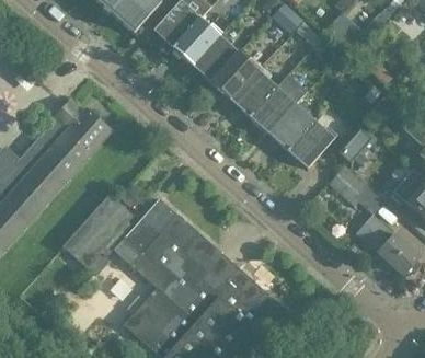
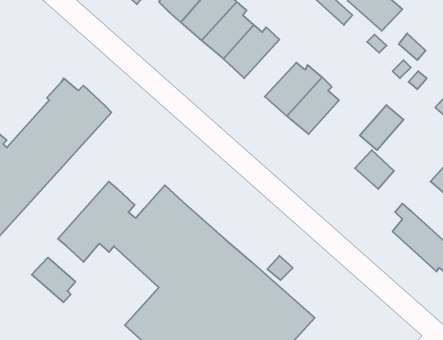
building: [231,65,278,116] -> none
building: [289,119,338,166] -> none
building: none -> [32,258,75,302]

